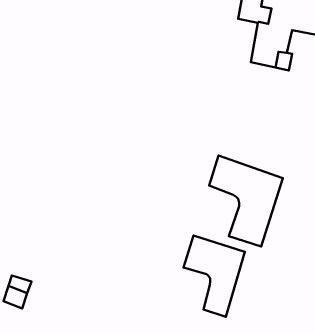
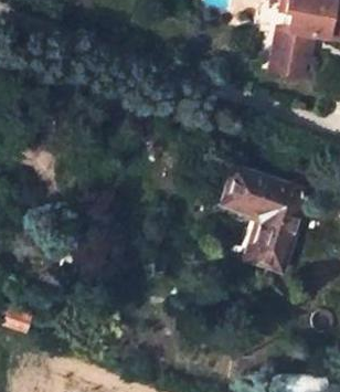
building: [183,236,245,317] -> none

